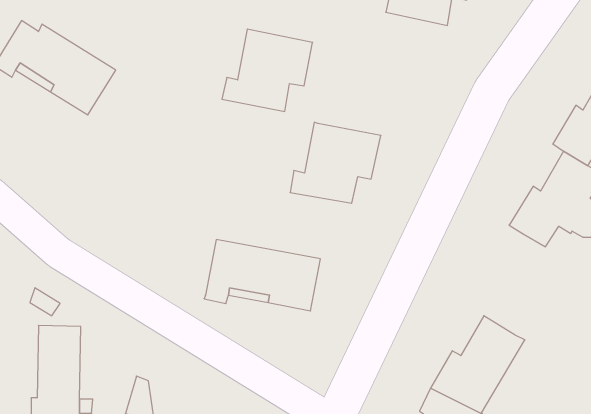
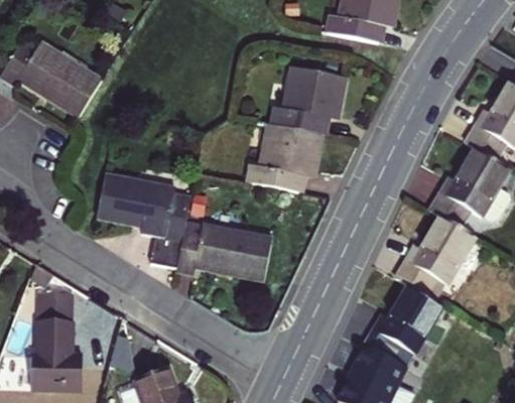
building: [222,29,313,111] -> [270,65,346,134]
building: none -> [97,173,189,267]
building: none -> [395,216,475,300]

